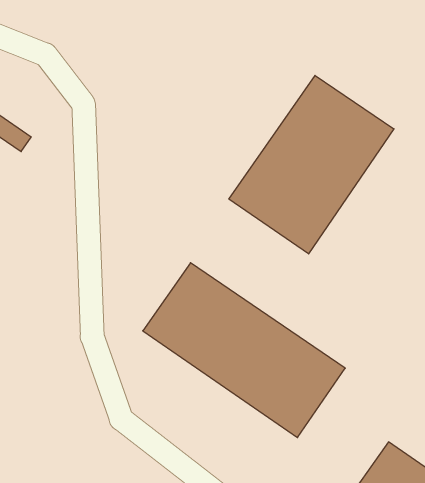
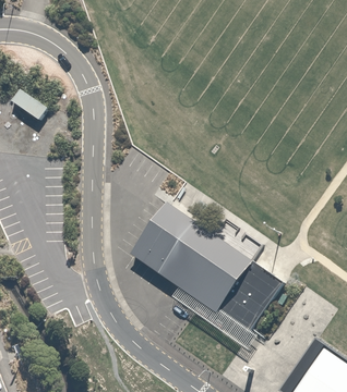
building: [229,75,394,254] -> none

